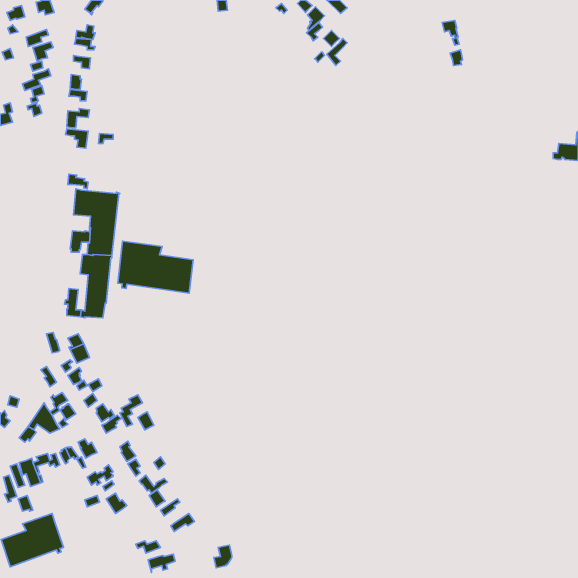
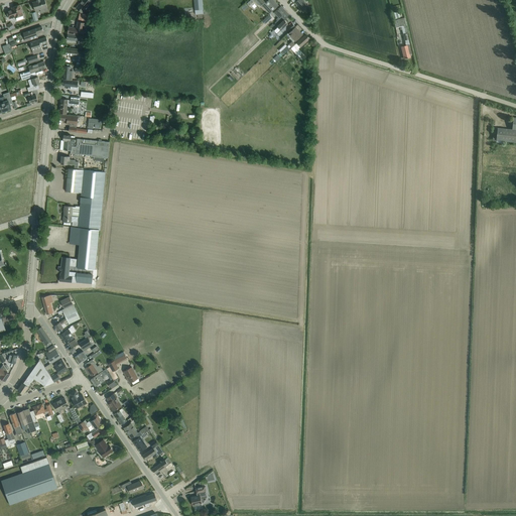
building: none -> [62,135,109,157]
building: [118,241,193,293] -> none

